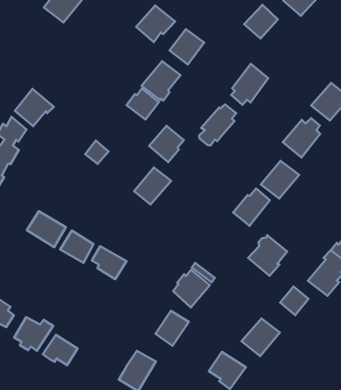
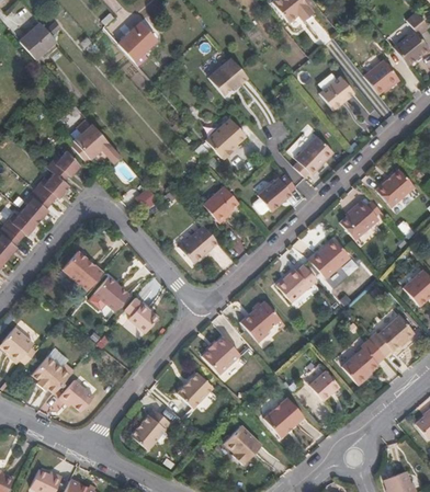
building: [170,29,204,65] -> none
building: [127,89,159,120] -> none
building: [248,235,287,276] -> [240,300,281,342]

